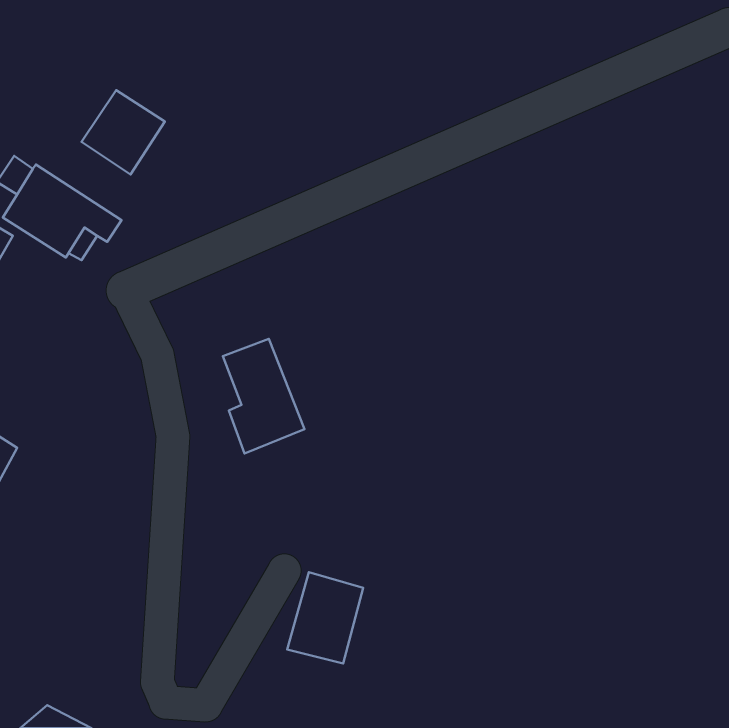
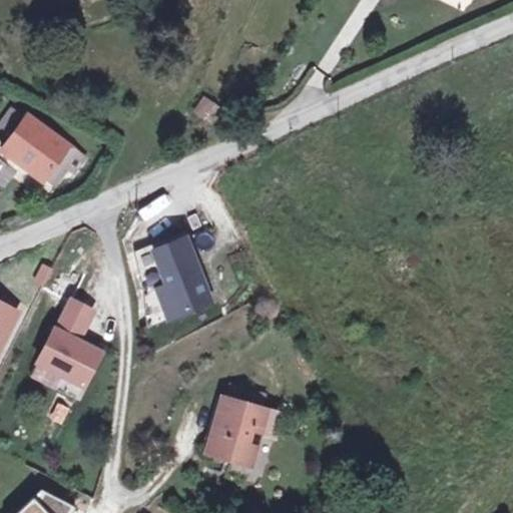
building: [82,90,165,174] -> none
building: none -> [39,301,102,387]

